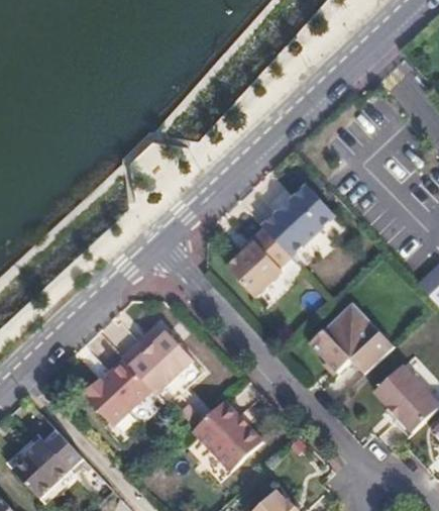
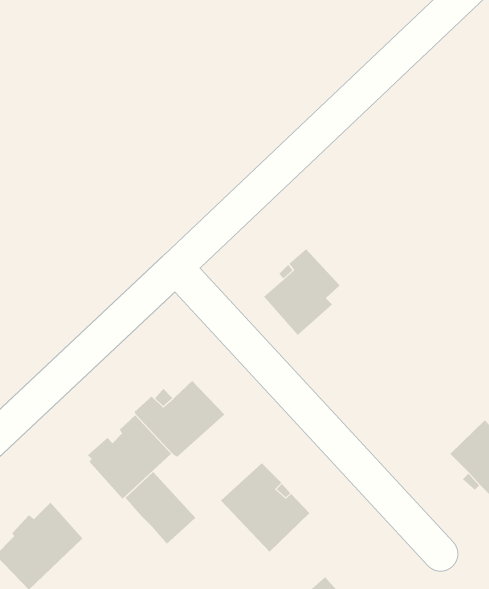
building: [259,183,335,255] -> none
building: [309,314,393,376] -> none
building: none -> [125,471,196,544]

